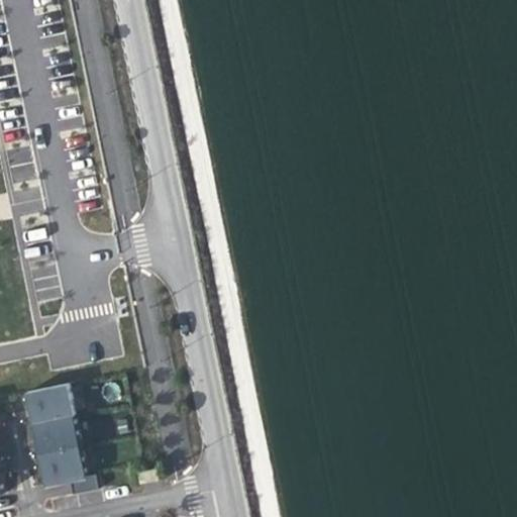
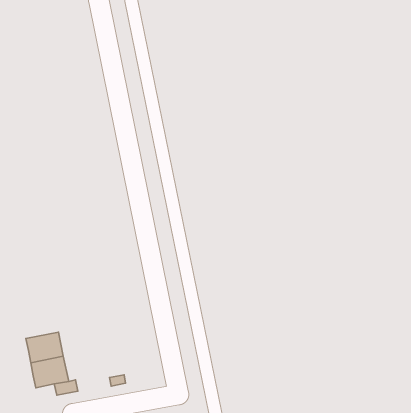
building: [25,384,73,423] -> none

